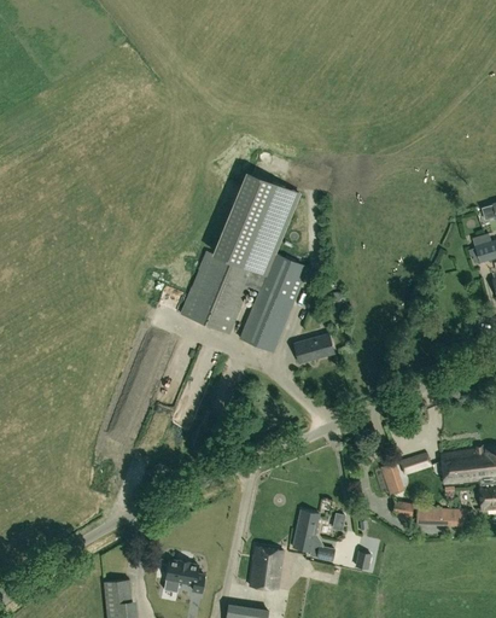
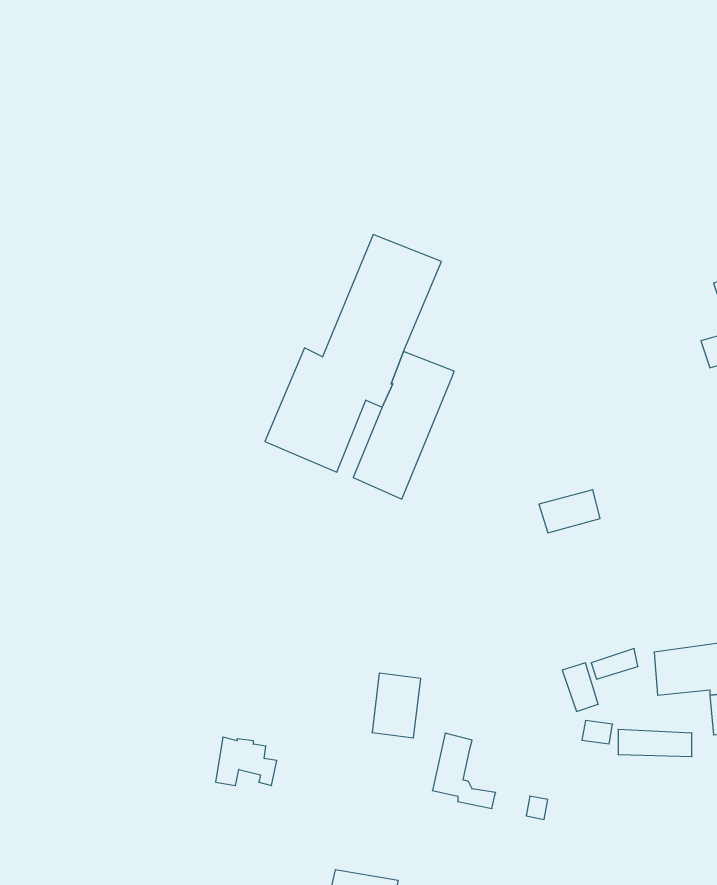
building: [292,334,333,363] -> [539,490,600,533]
building: [249,547,281,590] -> [372,673,421,738]
building: [163,559,204,591] -> [216,737,277,786]
building: [104,581,130,604] -> none

